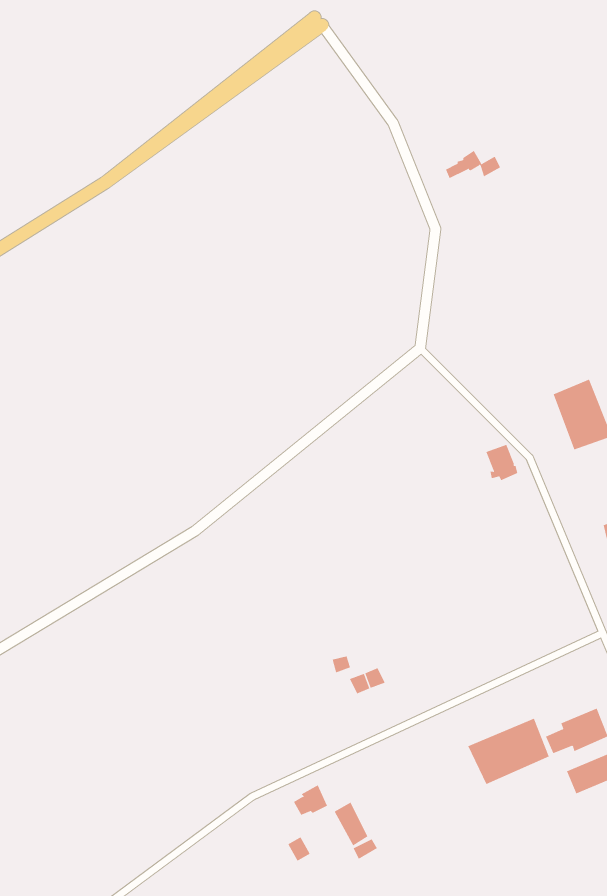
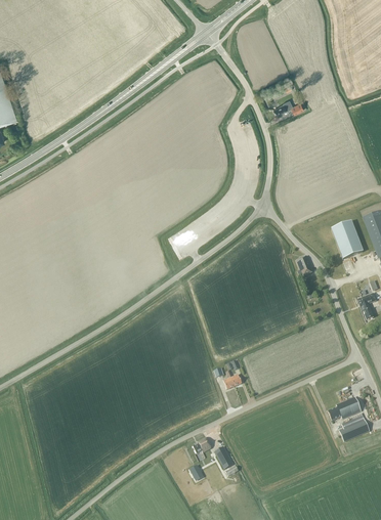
building: [468,718,550,785] -> none

